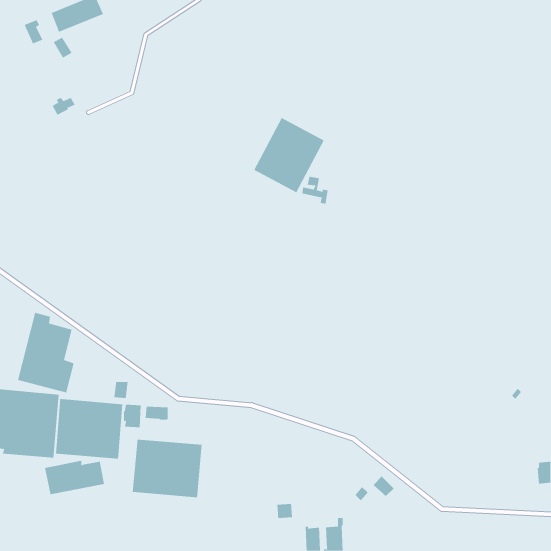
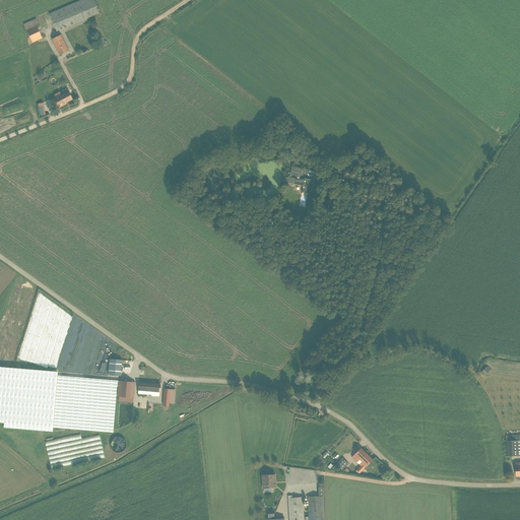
building: [253,117,325,193] -> none
building: [132,439,202,498] -> none

